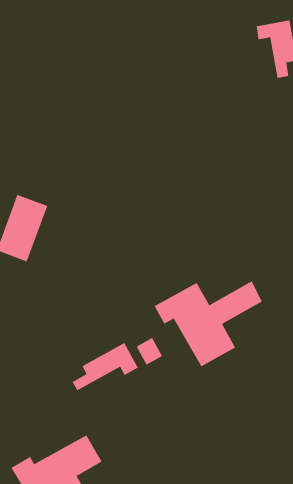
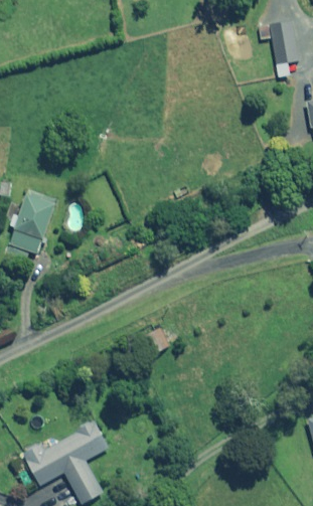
building: [154,281,263,367] -> none
building: [72,342,138,391] -> none

